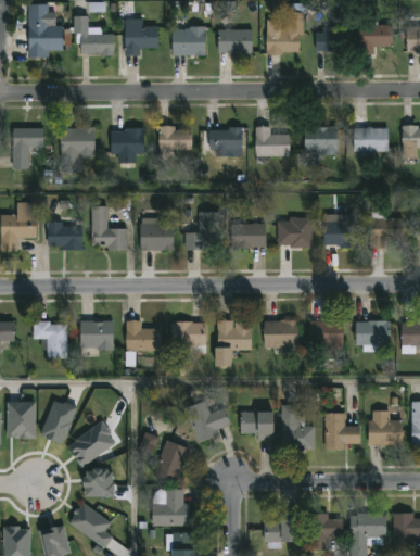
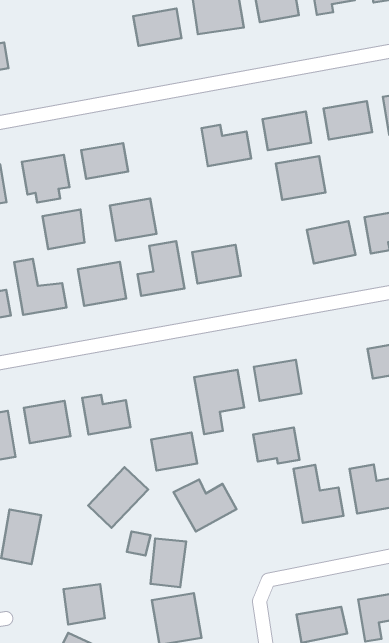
building: [124,20,157,55] -> none
building: [171,28,204,55] -> none
building: [209,128,242,156] -> [110,199,156,241]
building: none -> [42,209,85,249]
building: [277,218,311,248] -> [276,156,326,200]
building: [309,320,343,349] -> none
building: [171,321,204,346] -> [151,433,197,471]
building: [240,412,272,438] -> [253,427,299,464]
building: [68,421,117,467] -> [88,467,148,528]

